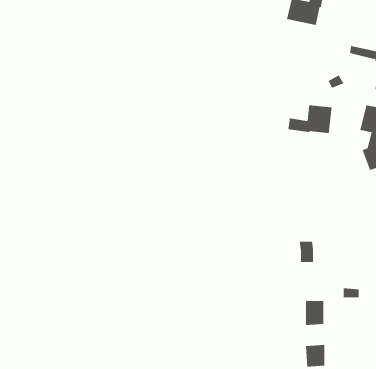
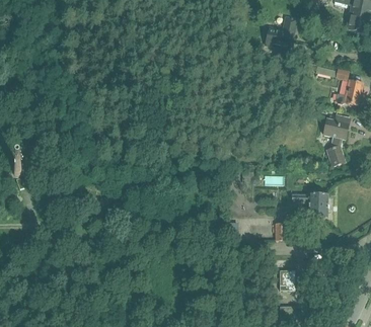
building: [288,105,332,134] -> none
building: none -> [291,193,327,218]

